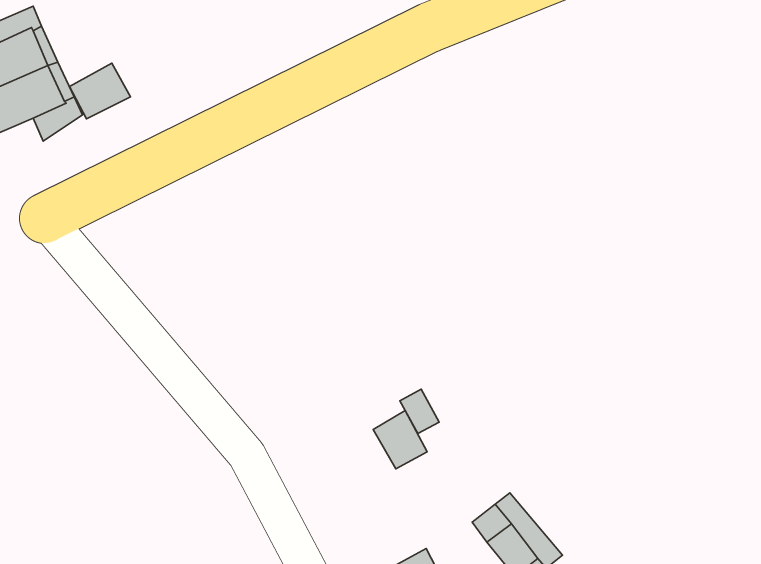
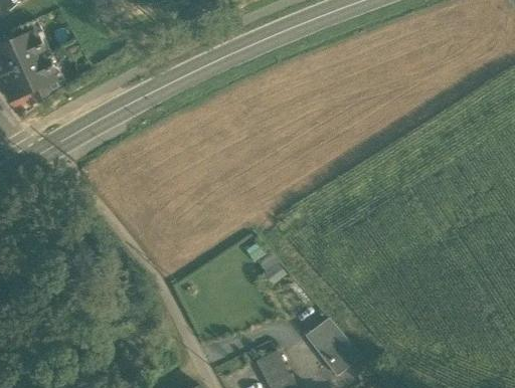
building: [69,63,131,119] -> none
building: [373,411,427,469] -> none

